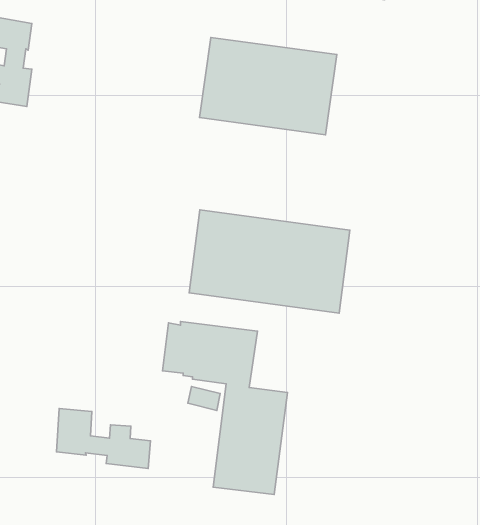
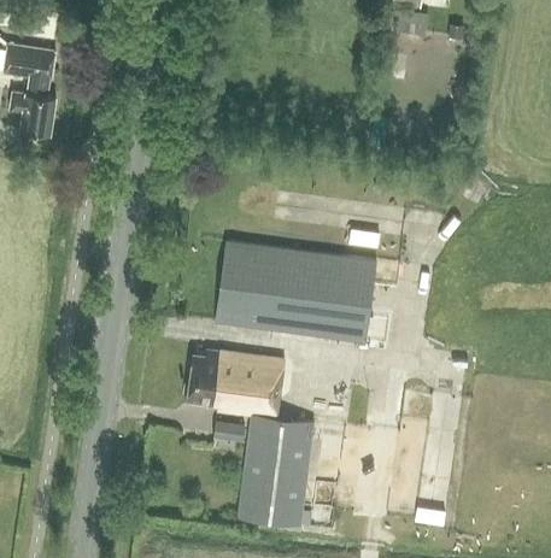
building: [200,37,337,135] -> none
building: [56,408,151,469] -> none

